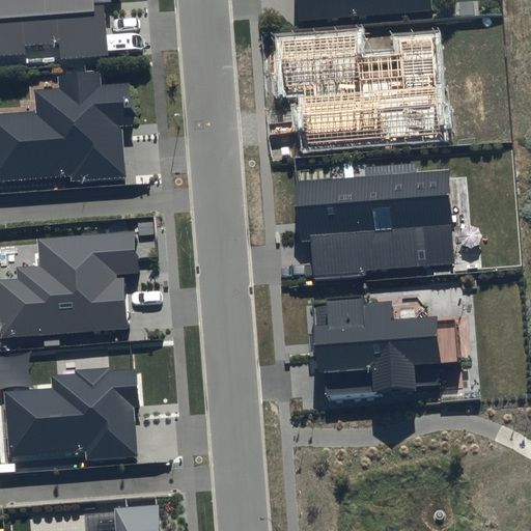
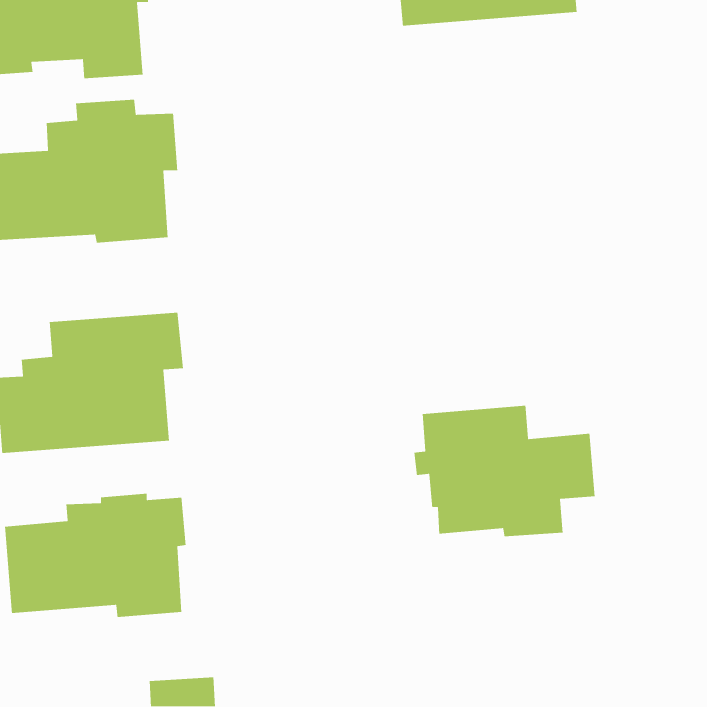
building: [280,31,437,142] -> none
building: [296,164,457,279] -> none

